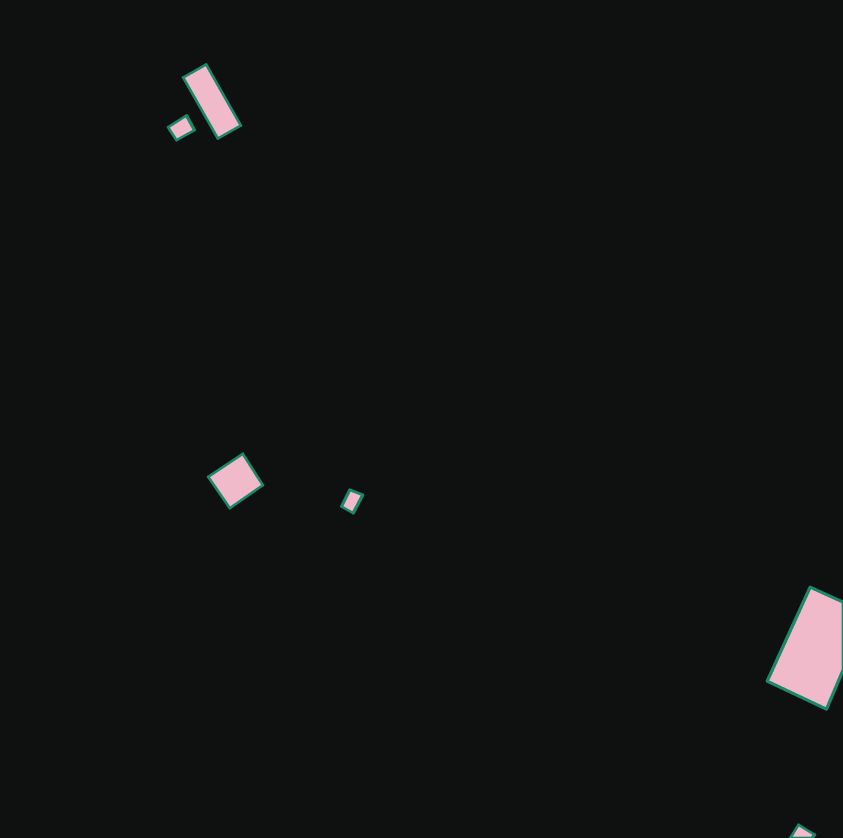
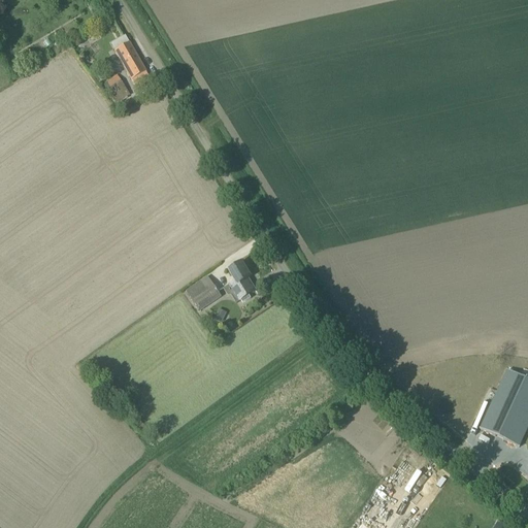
building: none -> [228,260,256,301]
building: [208,454,263,508] -> [187,274,221,308]

